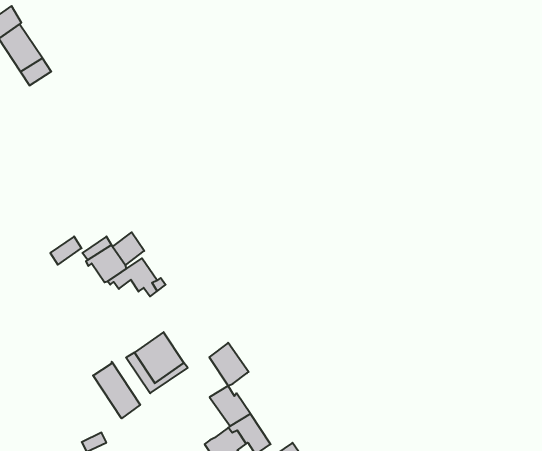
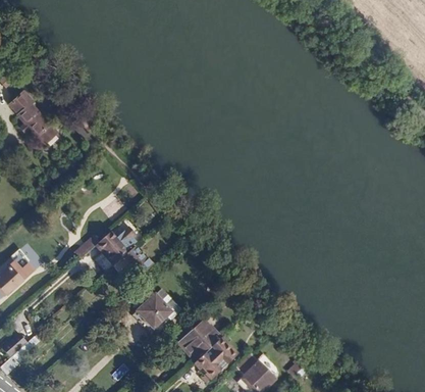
building: [209,343,249,386] -> [180,331,208,359]
building: [93,362,140,418] -> none

